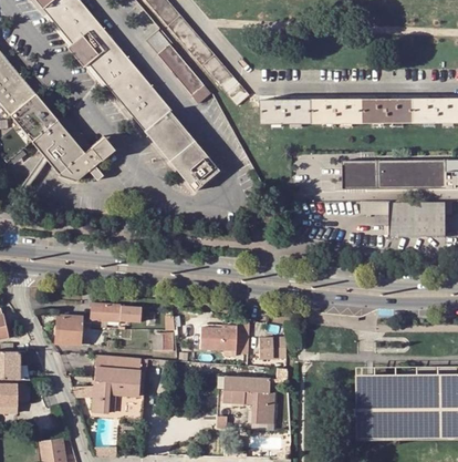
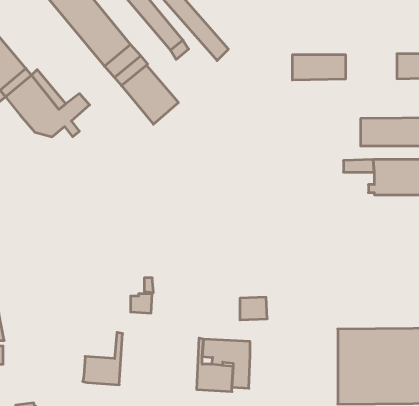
building: [363,99,413,123] -> none
building: [262,100,311,124] -> none
building: [176,146,219,189] -> none
building: [342,162,377,188] -> none
building: [92,304,142,322] -> none
building: [56,315,83,345] -> none
building: [201,325,248,352] -> none
building: [73,355,140,412] -> none

